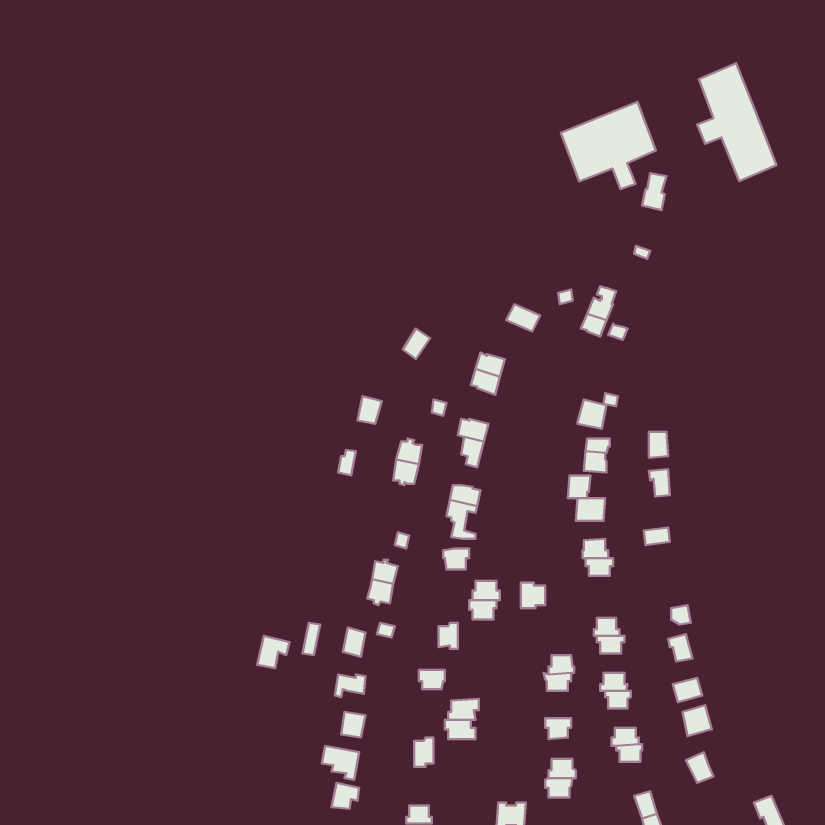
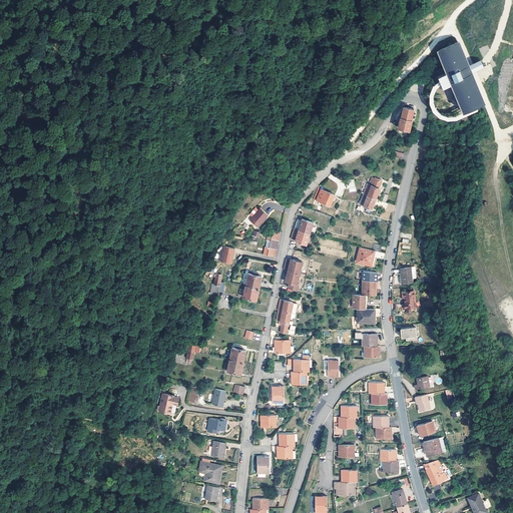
building: [561,102,656,189] -> none

